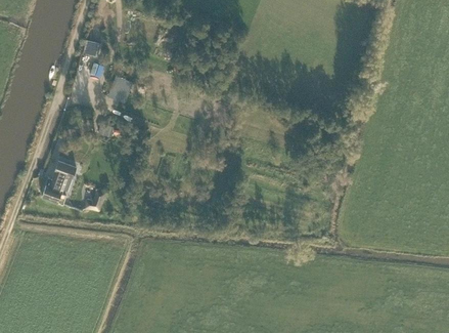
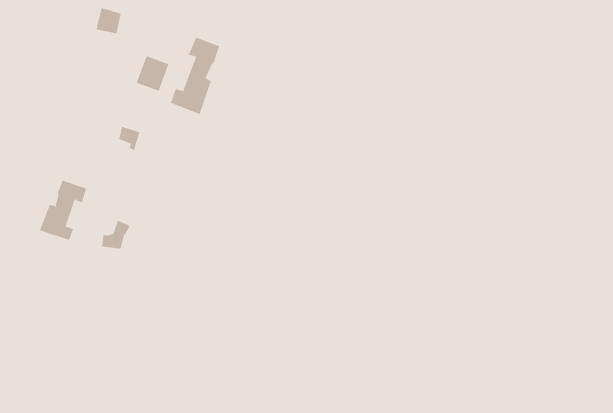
building: none -> [170,37,220,115]

